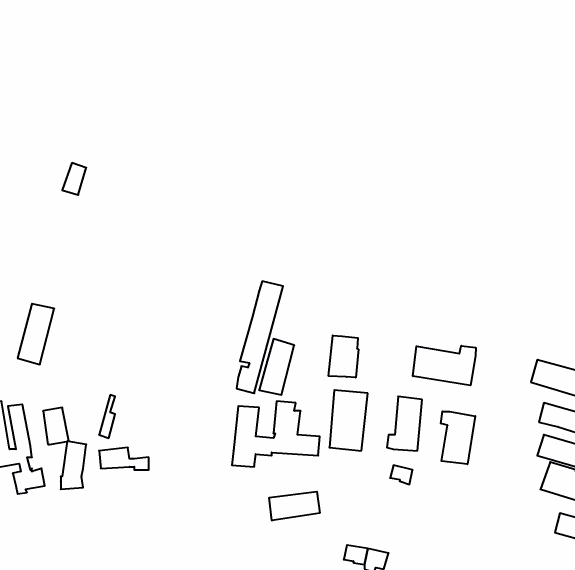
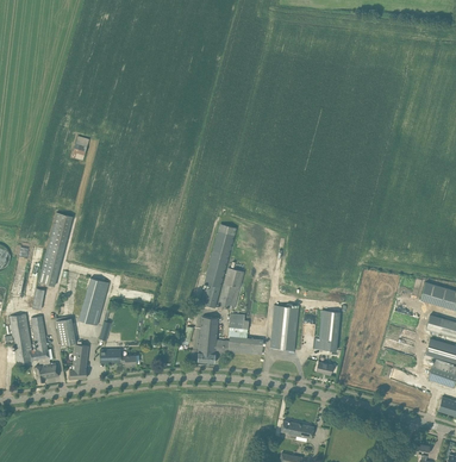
building: [329,335,358,378] -> none
building: [413,346,476,385] -> none
building: none -> [79,277,108,325]
building: [441,411,475,464] -> none
building: [269,492,320,521] -> none

